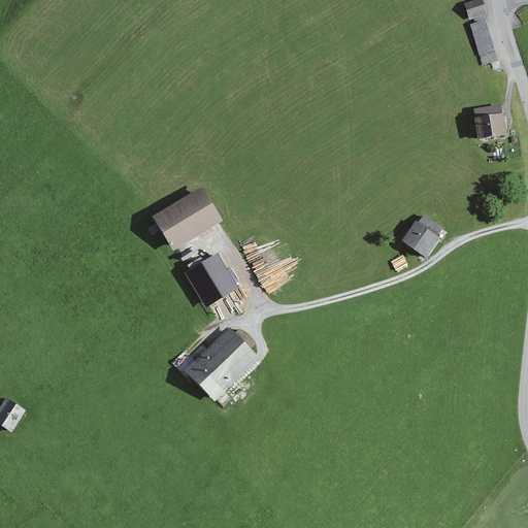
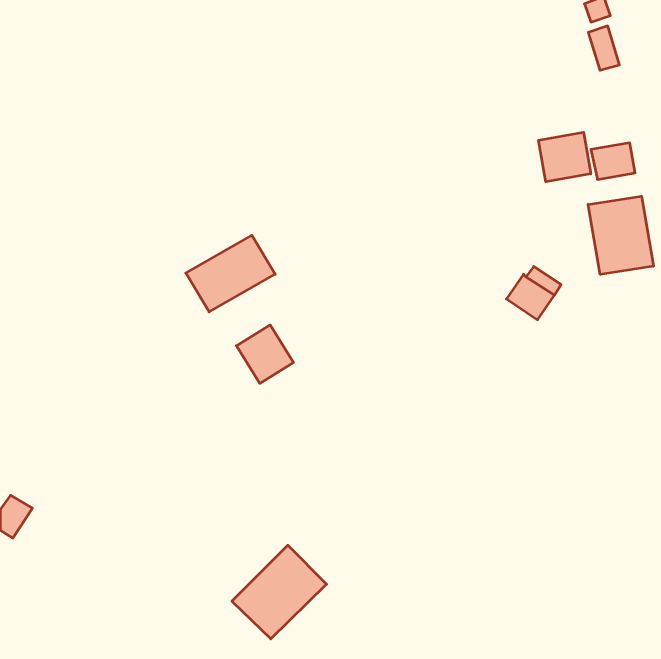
building: none -> [539,132,591,182]
building: none -> [588,196,653,274]
building: [186,326,261,400] -> [232,545,327,639]

